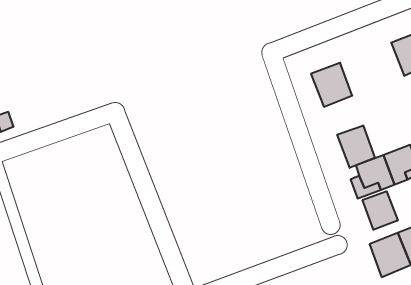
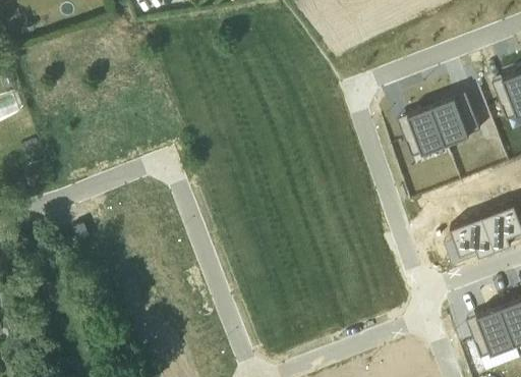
building: none -> [435,92,483,144]
building: [337,125,375,168] -> none
building: [363,191,398,230] -> none

